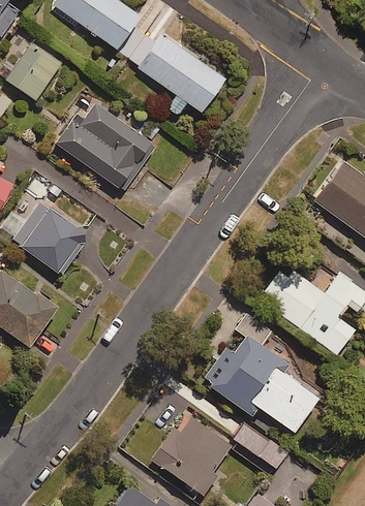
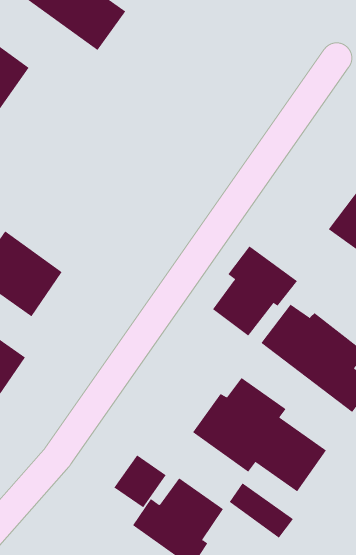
building: [127,33,229,115] -> none
building: [58,105,155,193] -> none
building: none -> [212,245,298,337]
building: none -> [114,455,167,508]

